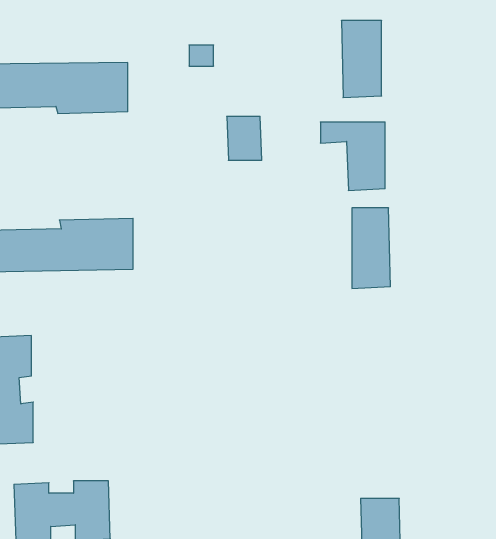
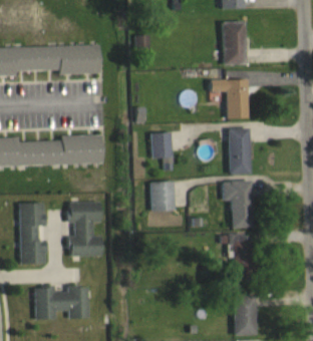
building: [227,116,262,160] -> [151,132,172,157]
building: none -> [150,181,175,211]
building: none -> [223,181,253,228]
building: none -> [69,202,102,257]
building: none -> [233,241,252,280]

